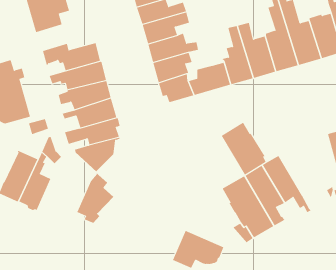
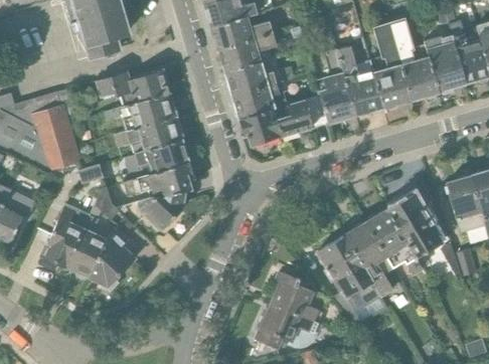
building: [221,122,266,176] -> [387,192,444,258]
building: [76,172,114,224] -> [90,228,136,292]
building: none -> [272,272,325,323]

